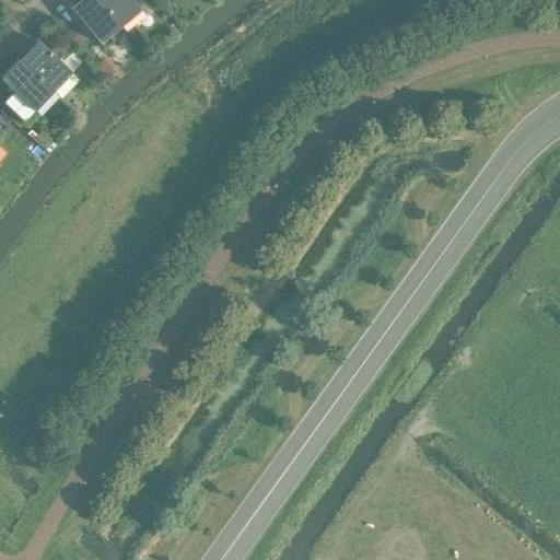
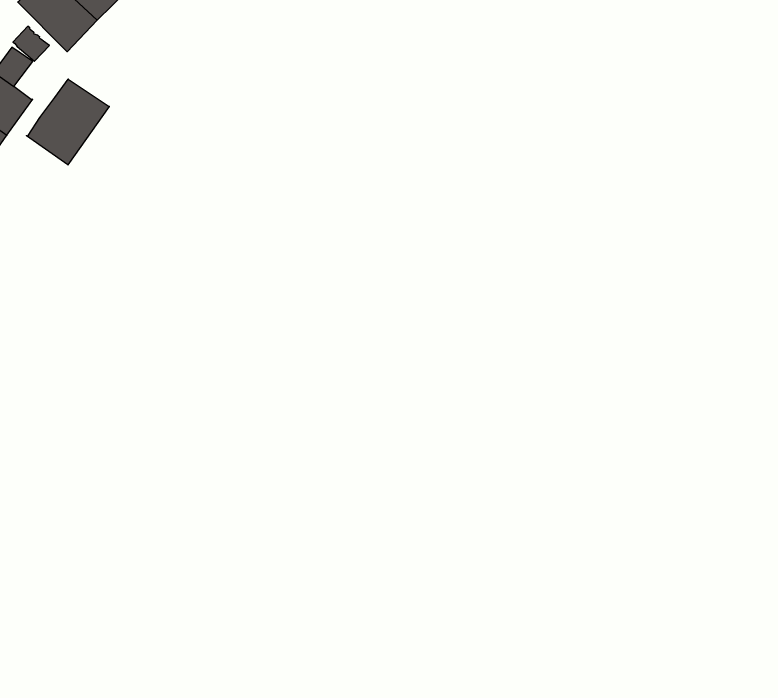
building: none -> [26,79,109,165]

